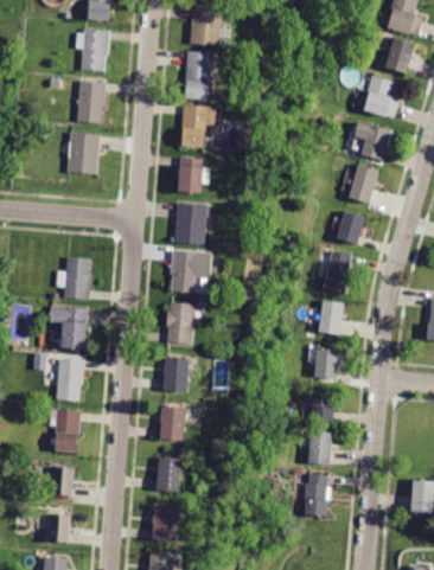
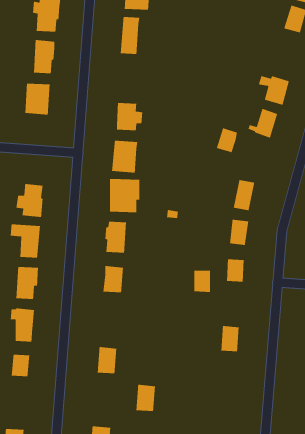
building: [352,75,398,117] -> none
building: [180,104,215,146] -> none
building: [336,211,363,243] -> [216,127,238,153]
building: [311,391,332,420] -> [193,270,211,293]
building: [159,405,184,440] -> none
building: [302,473,327,515] -> none
building: [152,506,177,540] -> [136,384,156,412]
building: [46,513,70,542] -> none

